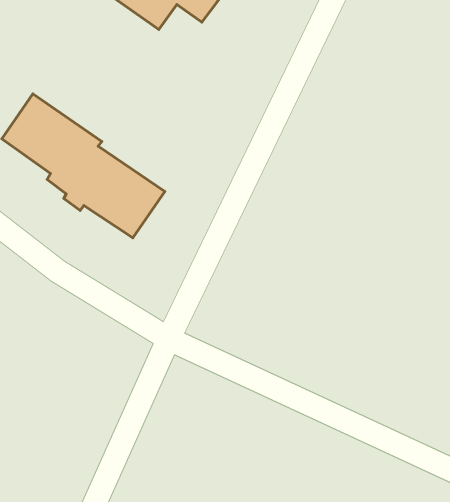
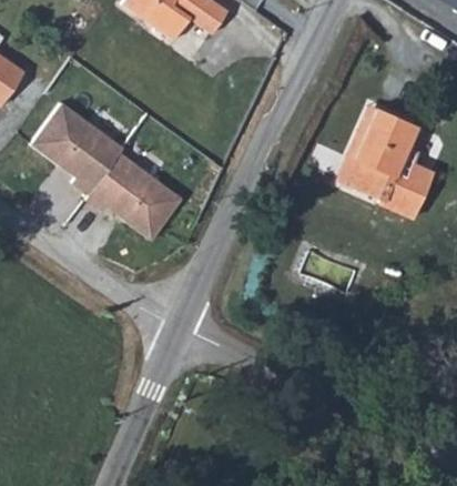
building: none -> [335,108,428,220]

